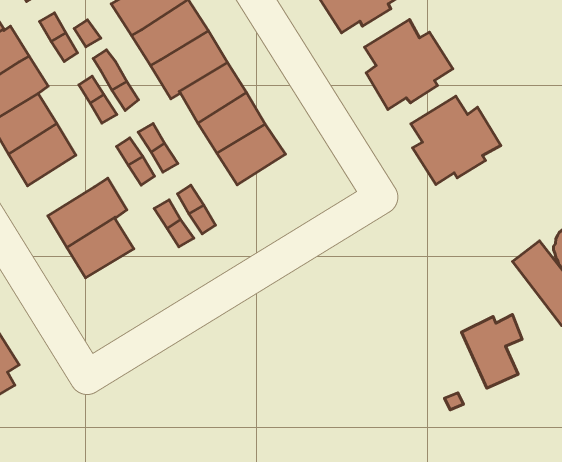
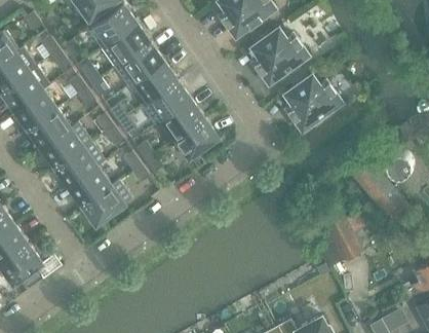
building: none -> [41,123,92,169]
building: none -> [176,119,219,160]
building: none -> [82,181,132,226]

